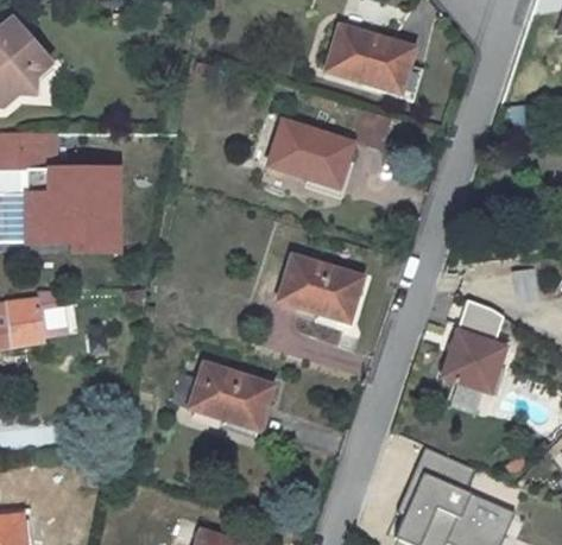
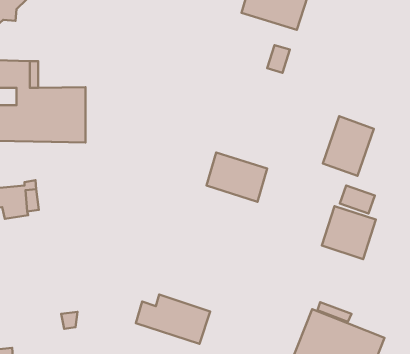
building: [272,122,354,189] -> none
building: none -> [323,116,374,176]
building: [175,365,273,430] -> [136,294,210,344]

